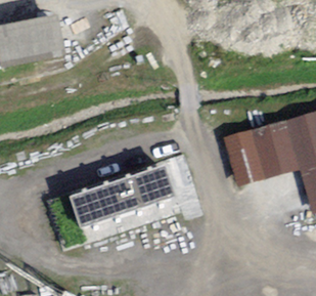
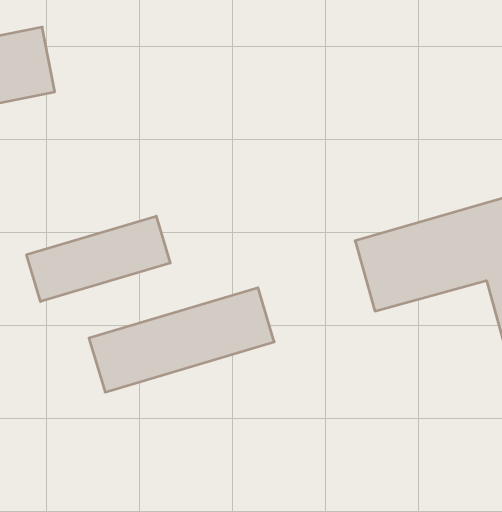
building: none -> [27,216,170,302]

